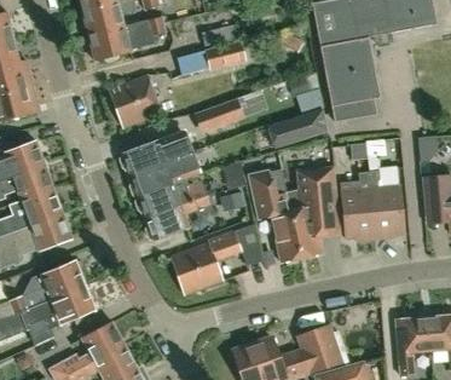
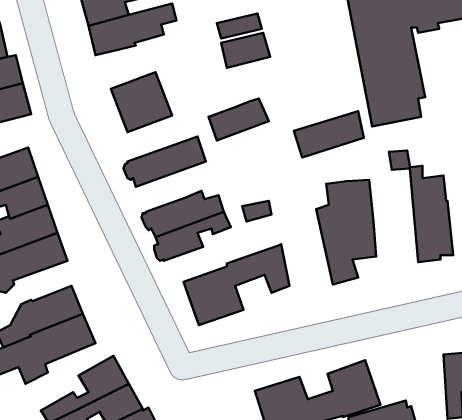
building: [129,152,198,196] -> none
building: [248,171,300,263] -> none
building: [339,172,374,241] -> none

